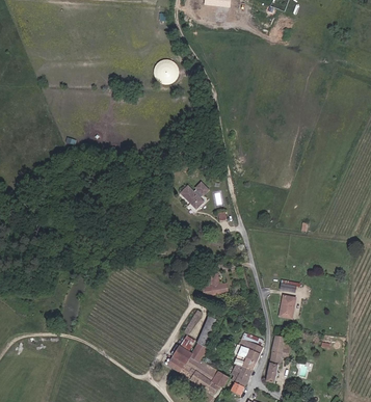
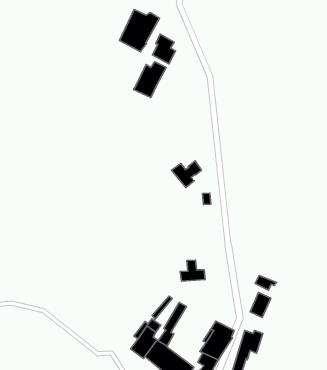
building: none -> [119,9,160,52]
building: none -> [134,62,166,97]

